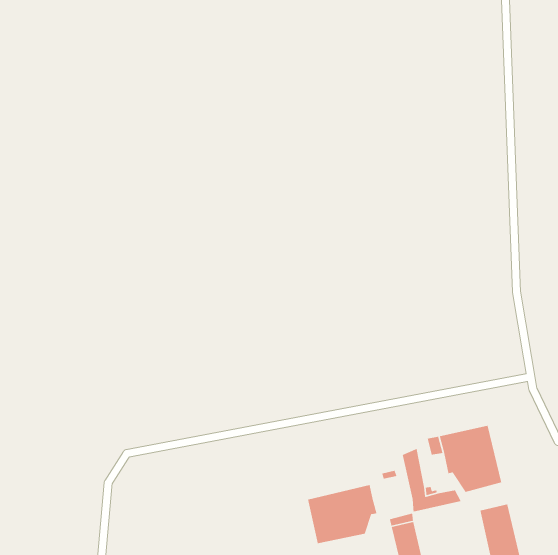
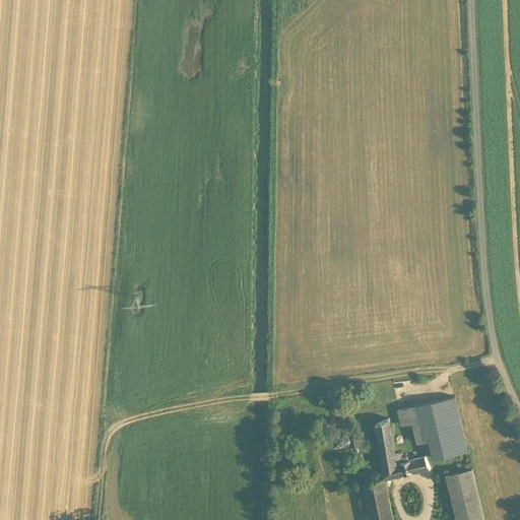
building: [307,484,377,544] -> none

